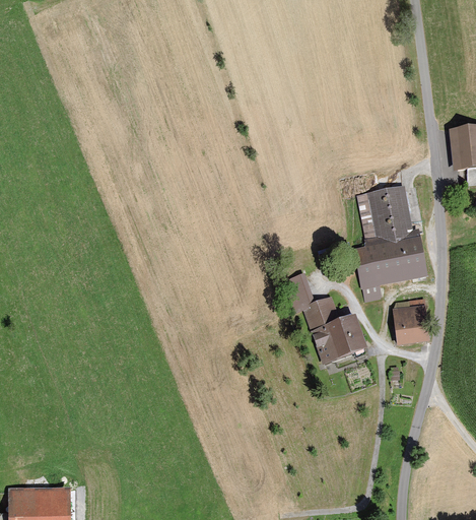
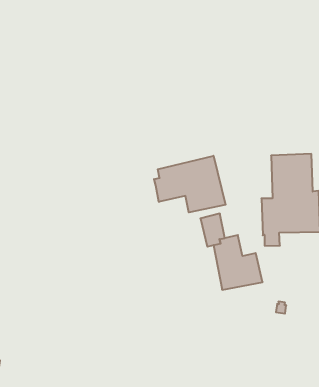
building: none -> [154,156,226,212]
building: [394,305,429,344] -> none

